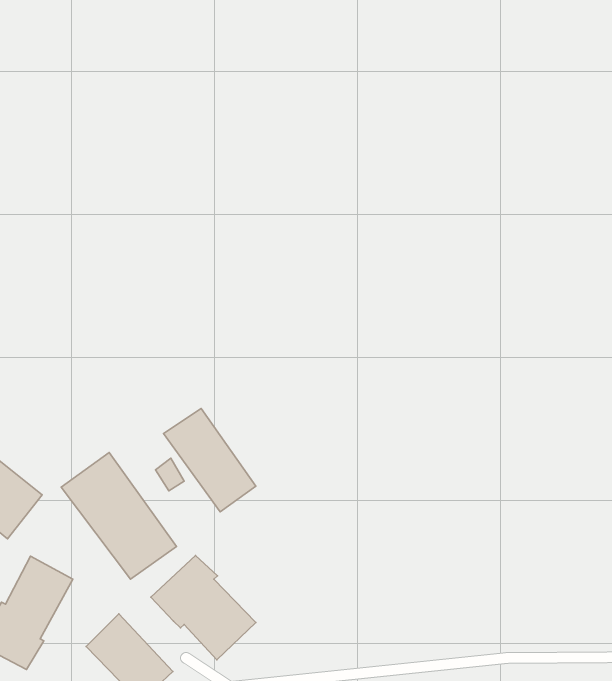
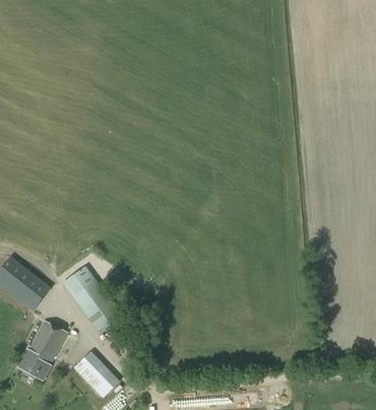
building: [163,408,256,512] -> none
building: [151,556,256,660] -> none

